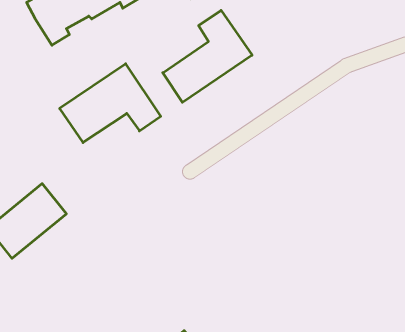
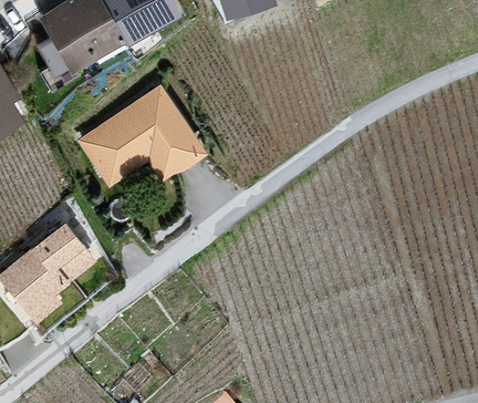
building: [163,10,252,102] -> none

